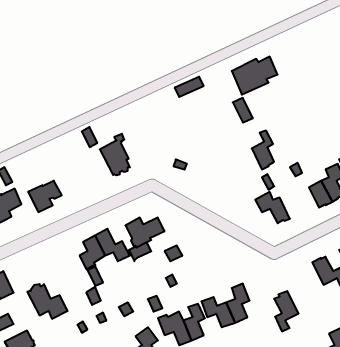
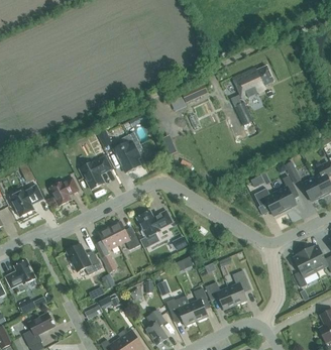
building: [252,131,274,170] -> [275,176,296,211]
building: none -> [79,155,111,189]
building: [27,284,68,319] -> [66,243,102,274]
building: [274,291,299,331] -> [293,250,315,286]

